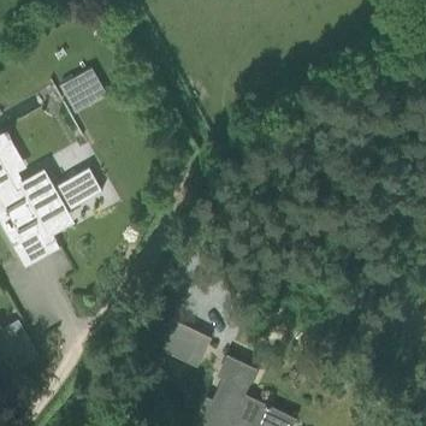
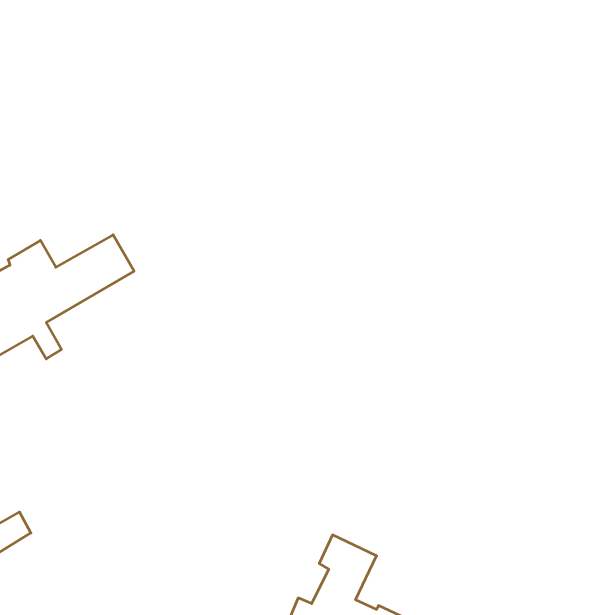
building: [60,73,97,113] -> none
building: [159,319,211,365] -> none

